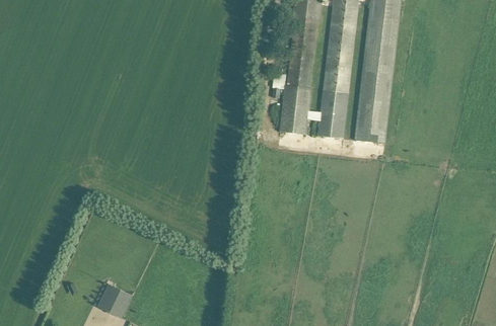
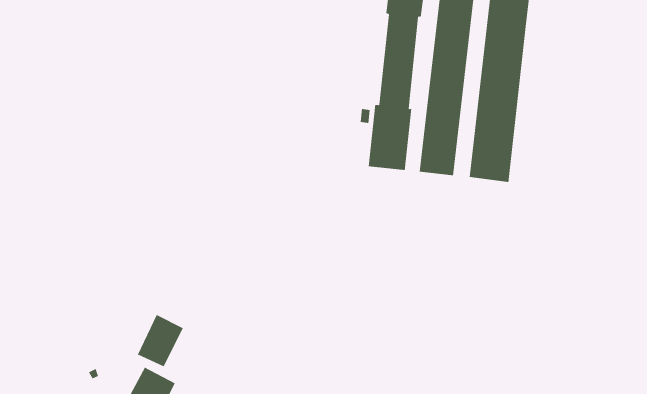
building: none -> [137,314,184,367]

